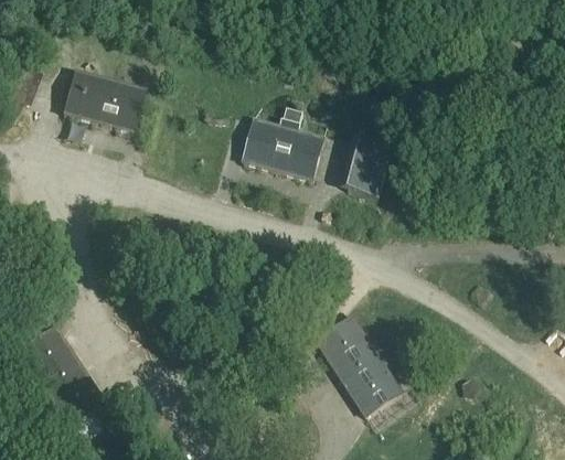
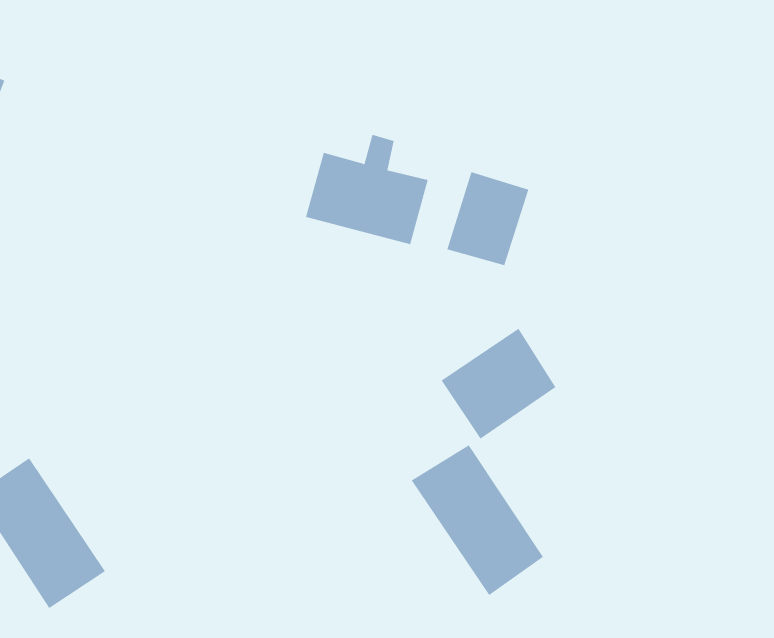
building: [63,69,146,131] -> none
building: none -> [441,328,556,439]

